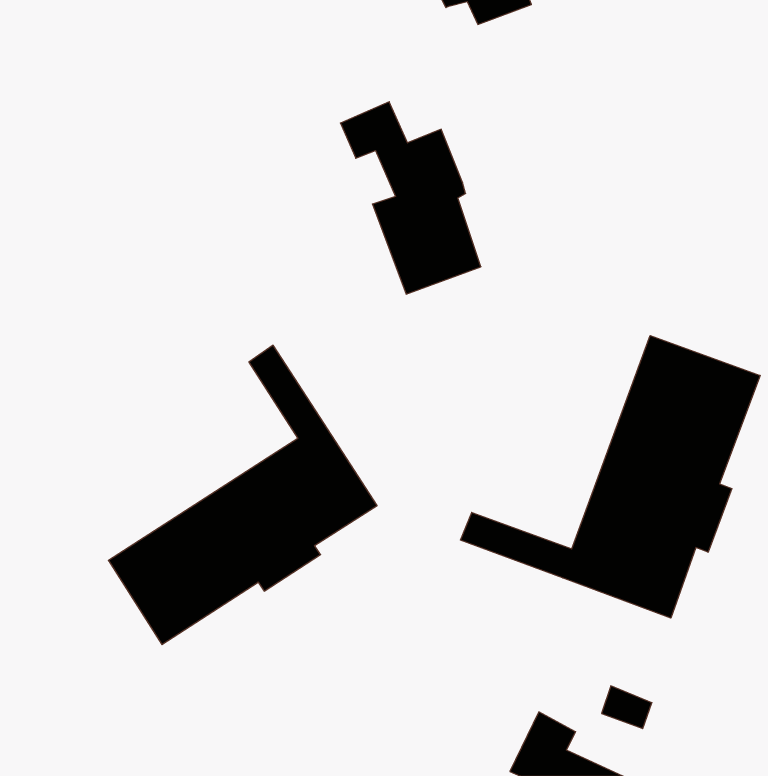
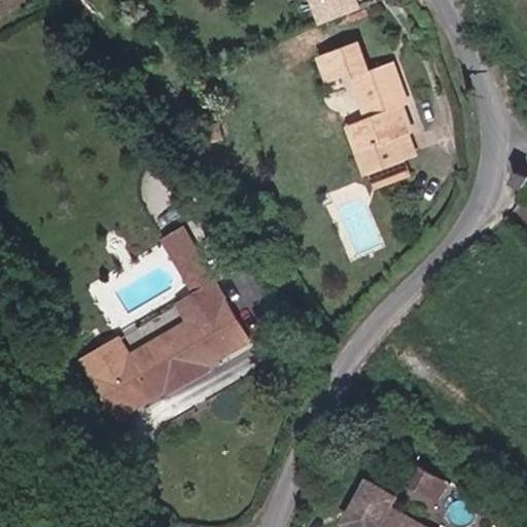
building: [340,102,481,294] -> [317,42,412,172]
building: [460,336,760,618] -> none

